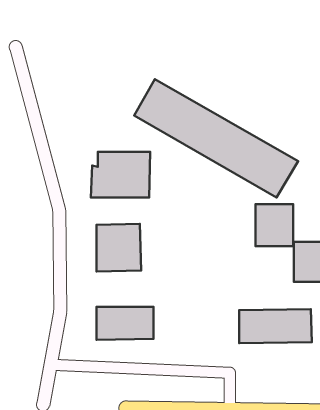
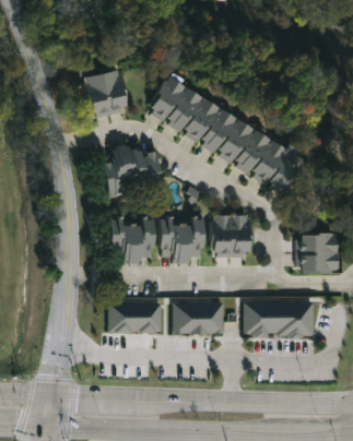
building: none -> [82,70,127,118]
building: [256,204,293,246] -> [212,215,248,255]
building: none -> [158,217,201,261]
building: none -> [175,298,226,327]

